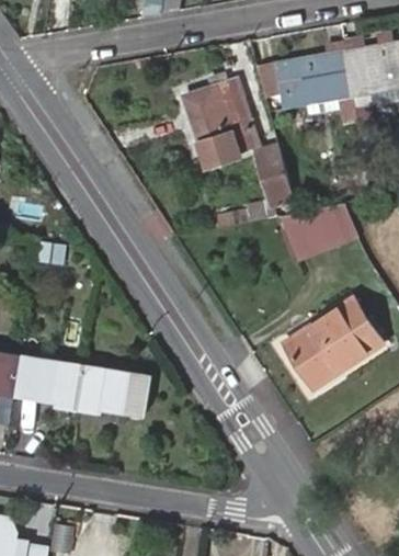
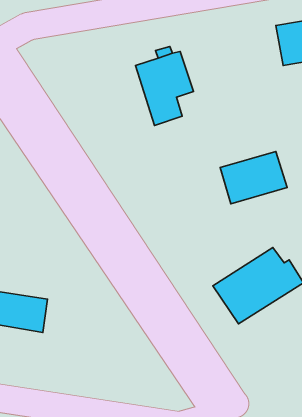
building: [275,50,354,107] -> none
building: [254,143,293,204] -> none
building: [78,365,150,413] -> none

